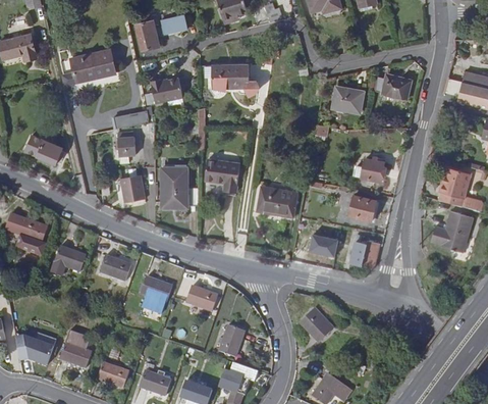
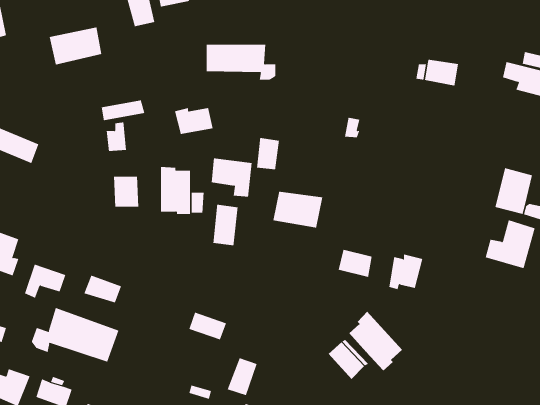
building: [148,79,180,101] -> [174,107,214,135]
building: [339,91,363,113] -> none
building: none -> [257,137,280,170]
building: [361,159,386,181] -> none
building: [348,197,375,221] -> none
building: none -> [213,204,238,246]
building: [141,277,172,301] -> none
building: none -> [31,307,119,363]
building: none -> [349,311,403,371]

